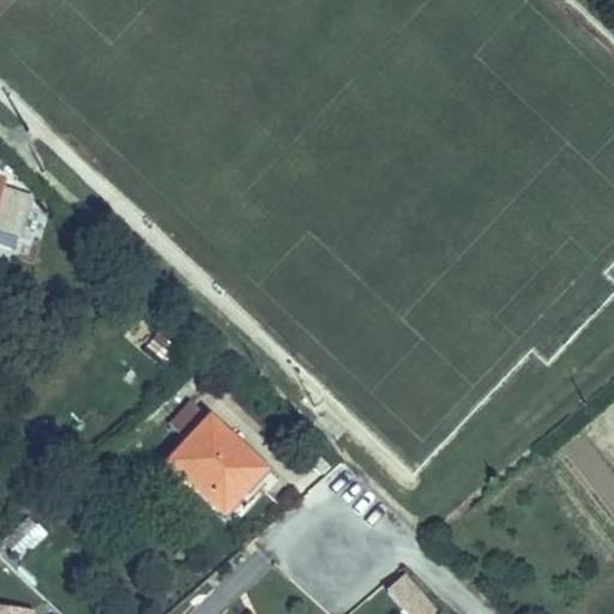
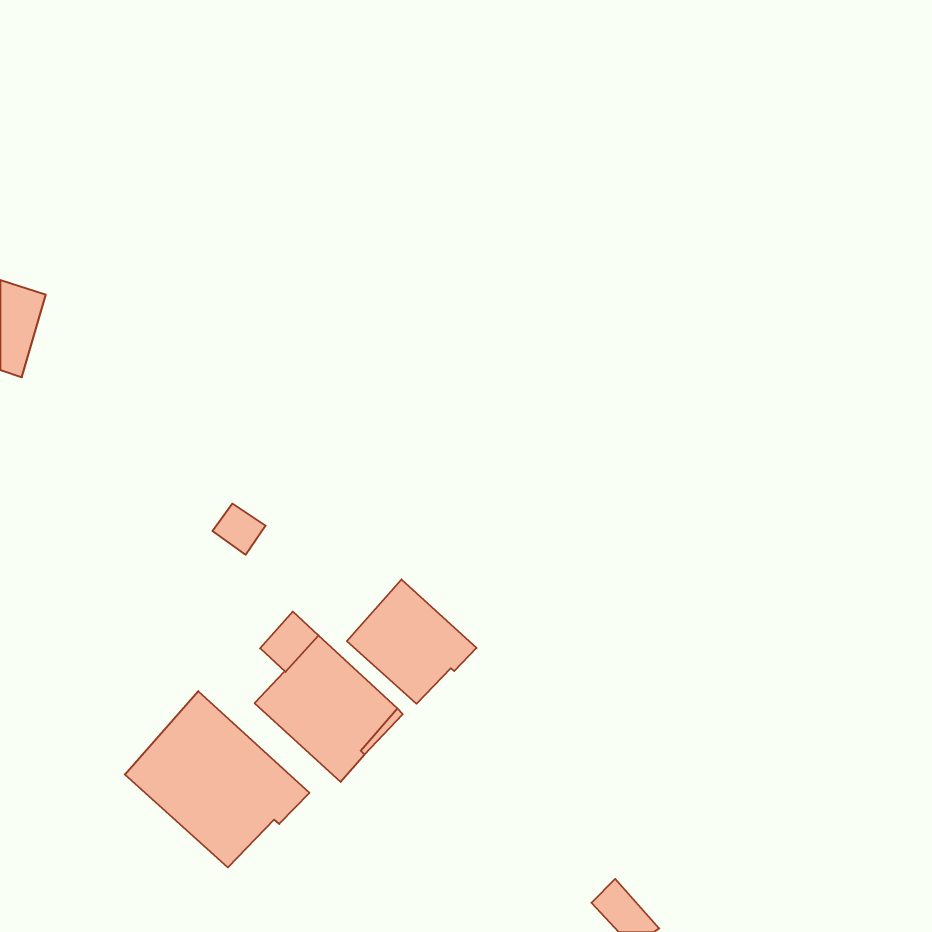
building: none -> [347,579,477,704]
building: none -> [125,691,309,867]

